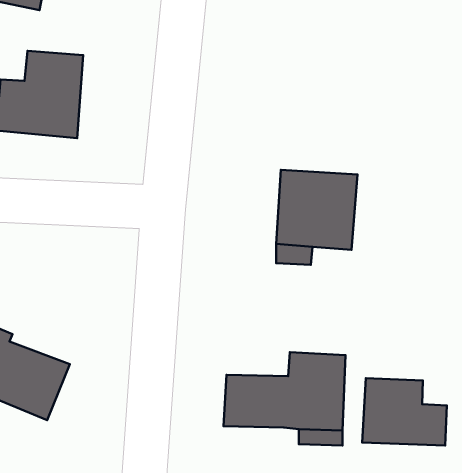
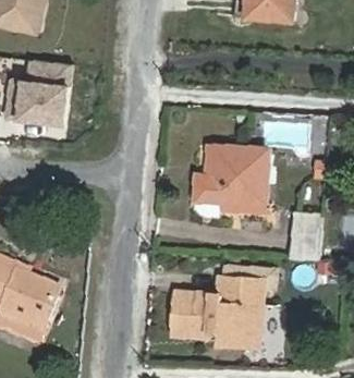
building: none -> [285,219,320,259]
building: [362,378,447,445] -> none

